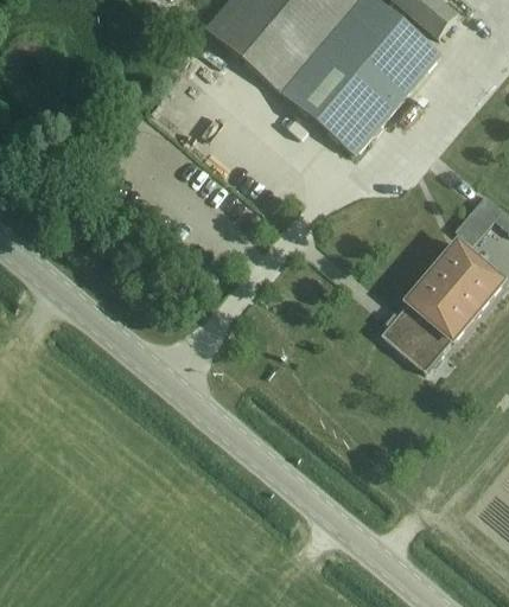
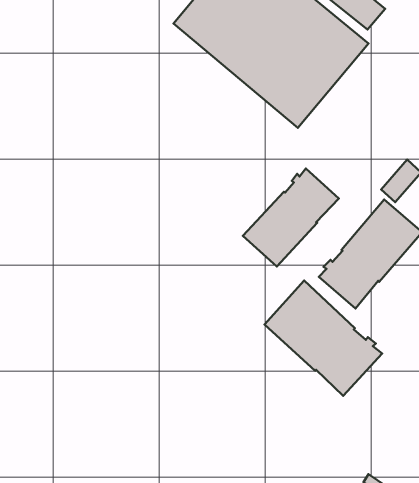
building: none -> [243,168,339,267]
building: none -> [264,281,382,396]

